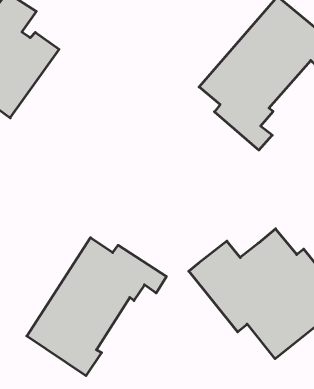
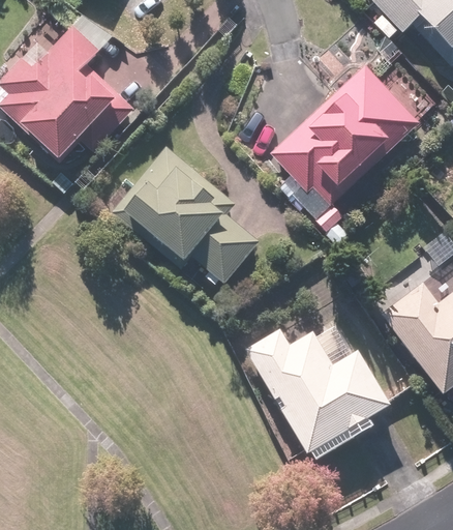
building: none -> [113,148,260,279]
building: [27,238,166,376] -> none

